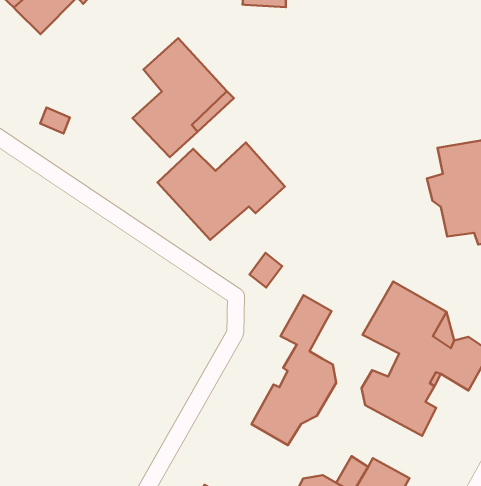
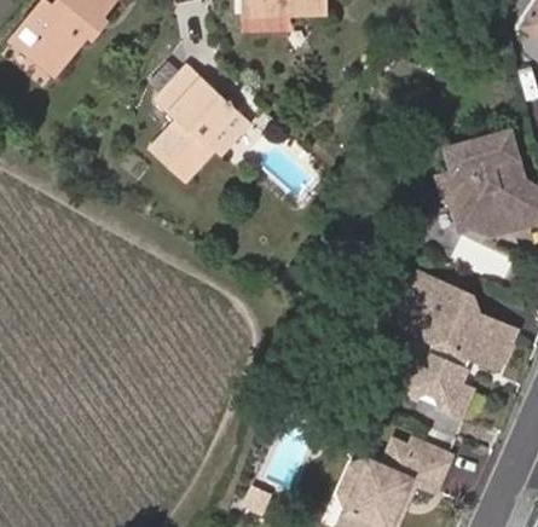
building: [157,143,285,240] -> none
building: [252,295,336,445] -> none

